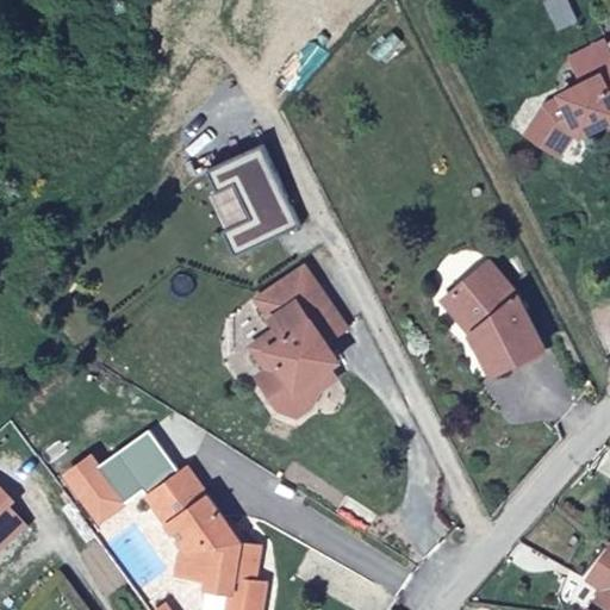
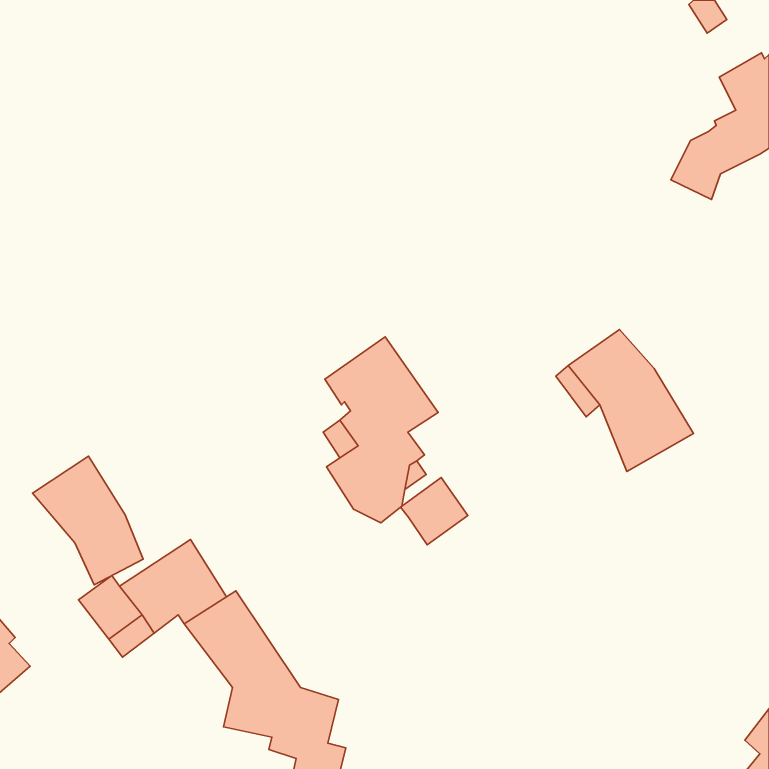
building: [204,143,298,255] -> none
building: none -> [32,456,143,585]
building: none -> [401,477,468,545]

